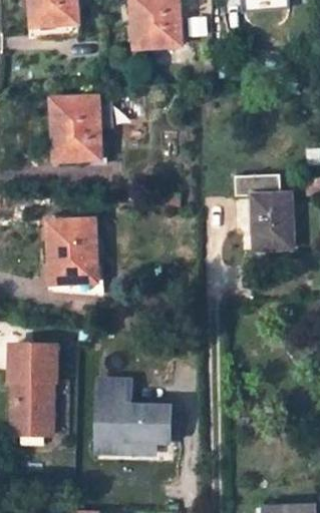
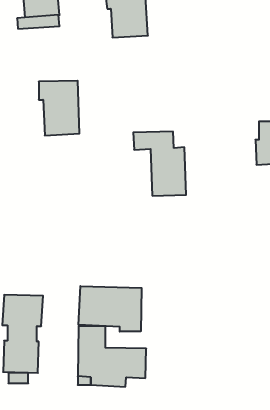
building: [232,174,293,248] -> [133,132,186,196]
building: [49,219,95,282] -> none
building: none -> [79,286,142,332]

